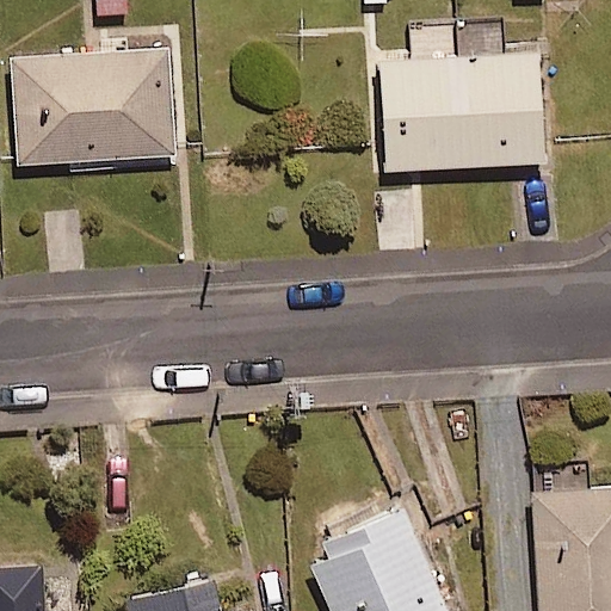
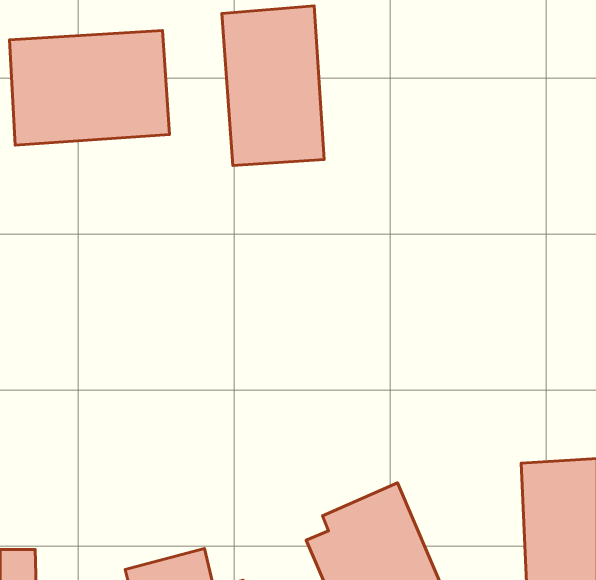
building: none -> [222,6,324,166]
building: [378,53,543,171] -> none

